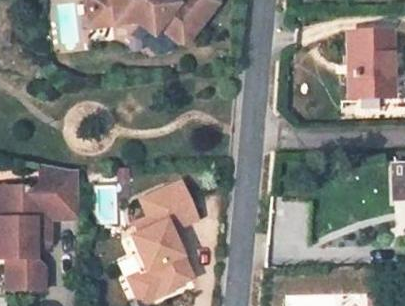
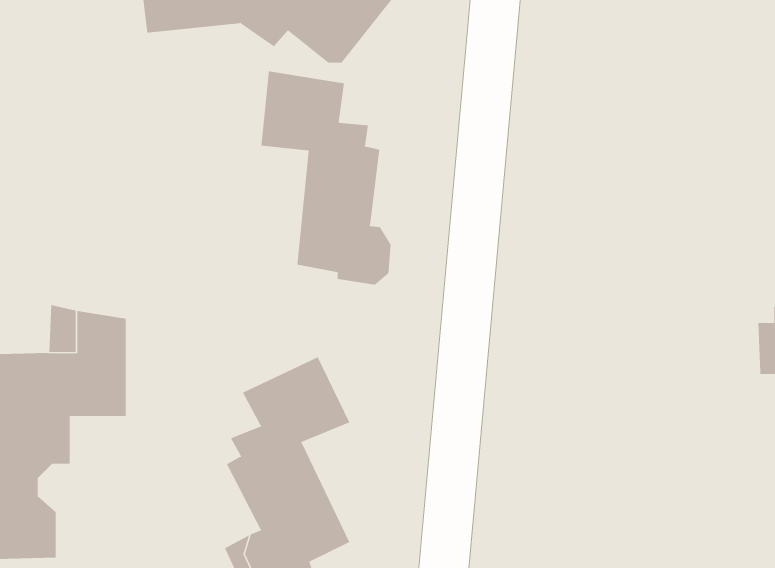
building: [348,31,394,96] -> none
building: none -> [261,70,391,286]

